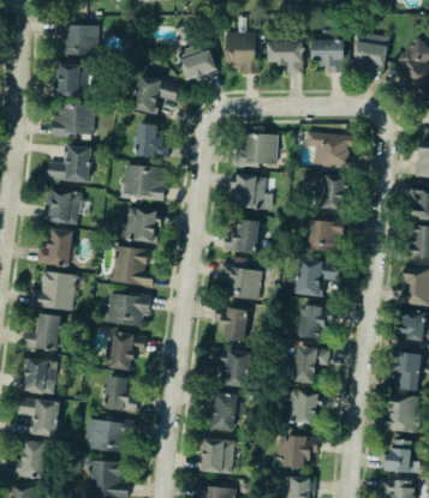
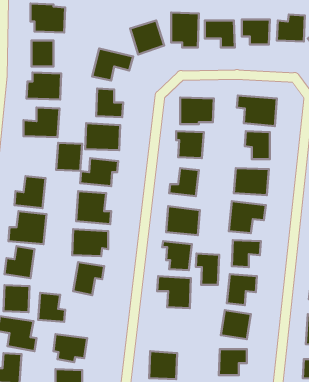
building: [49,191,81,224] -> [56,143,82,171]
building: none -> [196,253,219,285]
building: [105,377,137,412] -> [38,293,65,322]
building: [213,394,239,432] -> none

